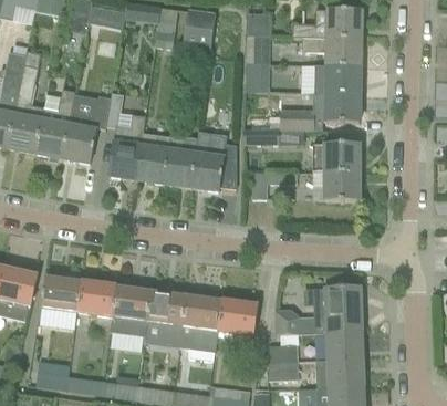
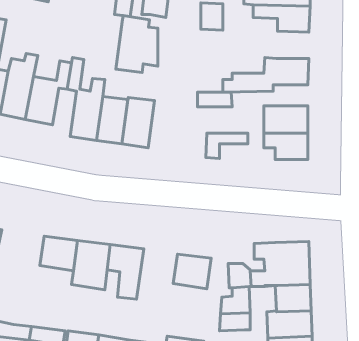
building: [246,63,270,92] -> none
building: [314,65,361,94] -> none
building: [191,132,236,191] -> [116,16,158,72]
building: [42,277,82,312] -> none
building: [179,294,222,352] -> none

